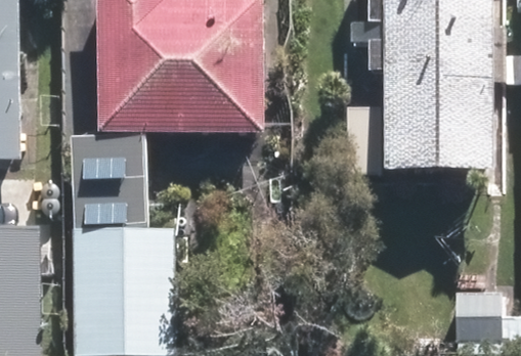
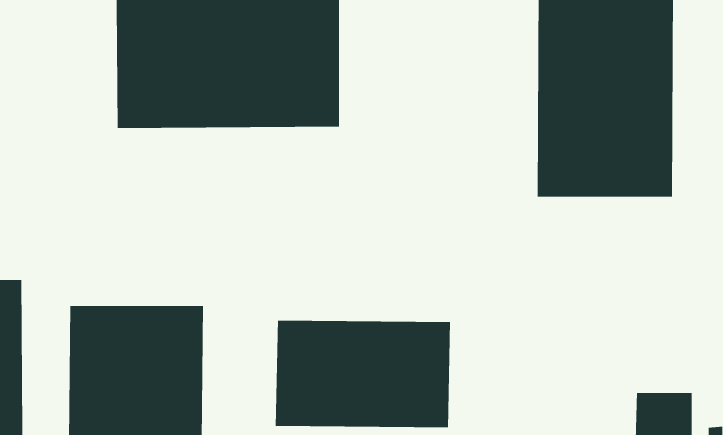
building: [79,136,149,218] -> none
building: none -> [275,320,451,428]

